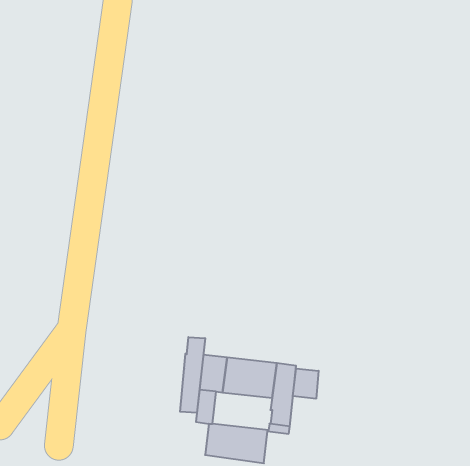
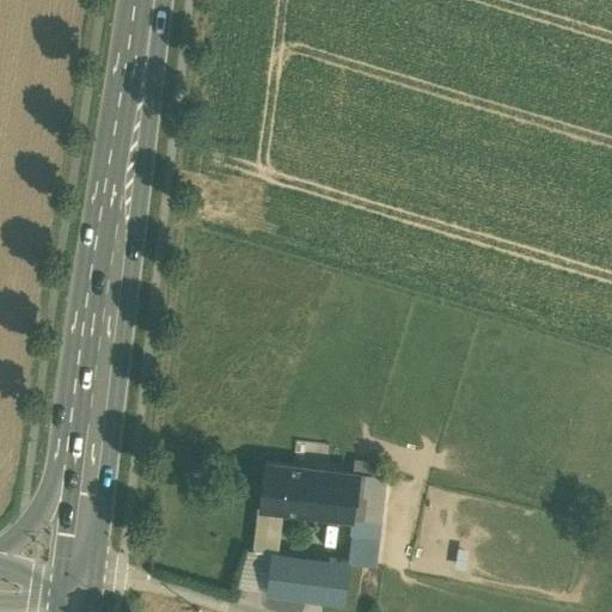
building: [180,337,205,413] -> none
building: [293,368,319,399] -> none

